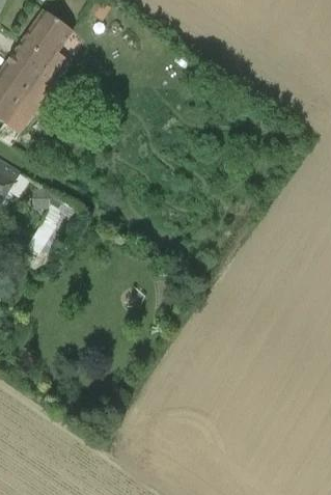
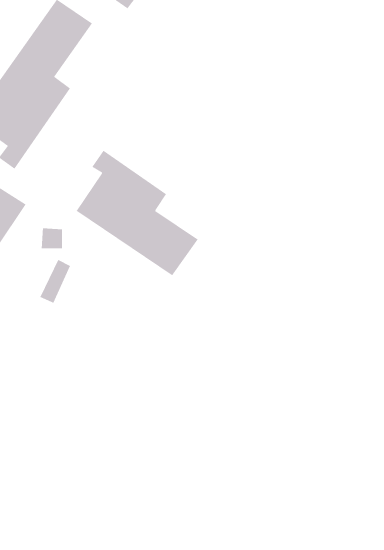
building: none -> [76,150,198,276]

